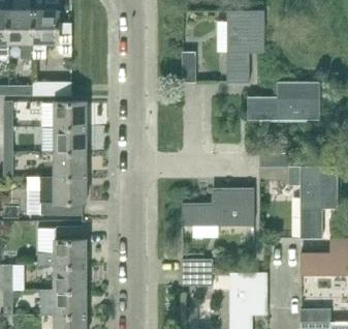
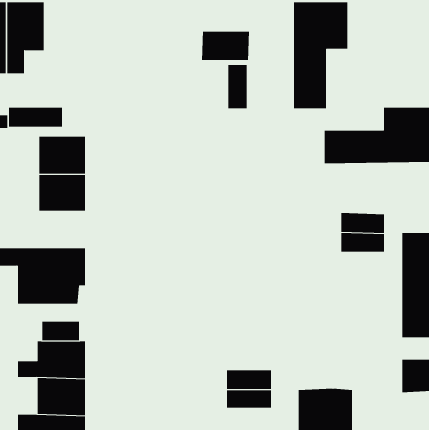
building: none -> [201,31,249,61]
building: [54,152,86,177] -> none
building: [181,188,253,226] -> none

